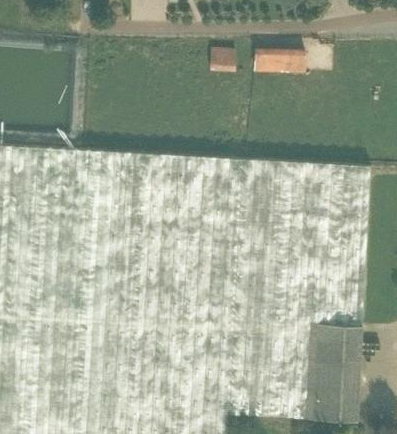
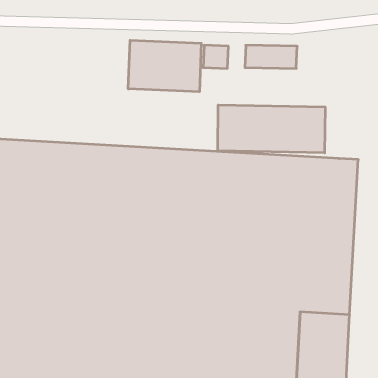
building: none -> [128,40,201,92]
building: none -> [218,105,325,153]

